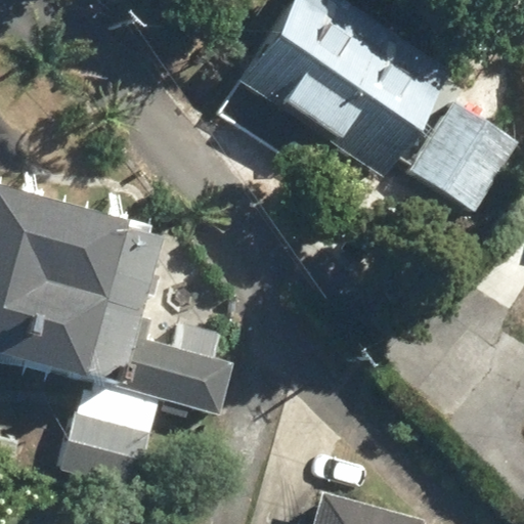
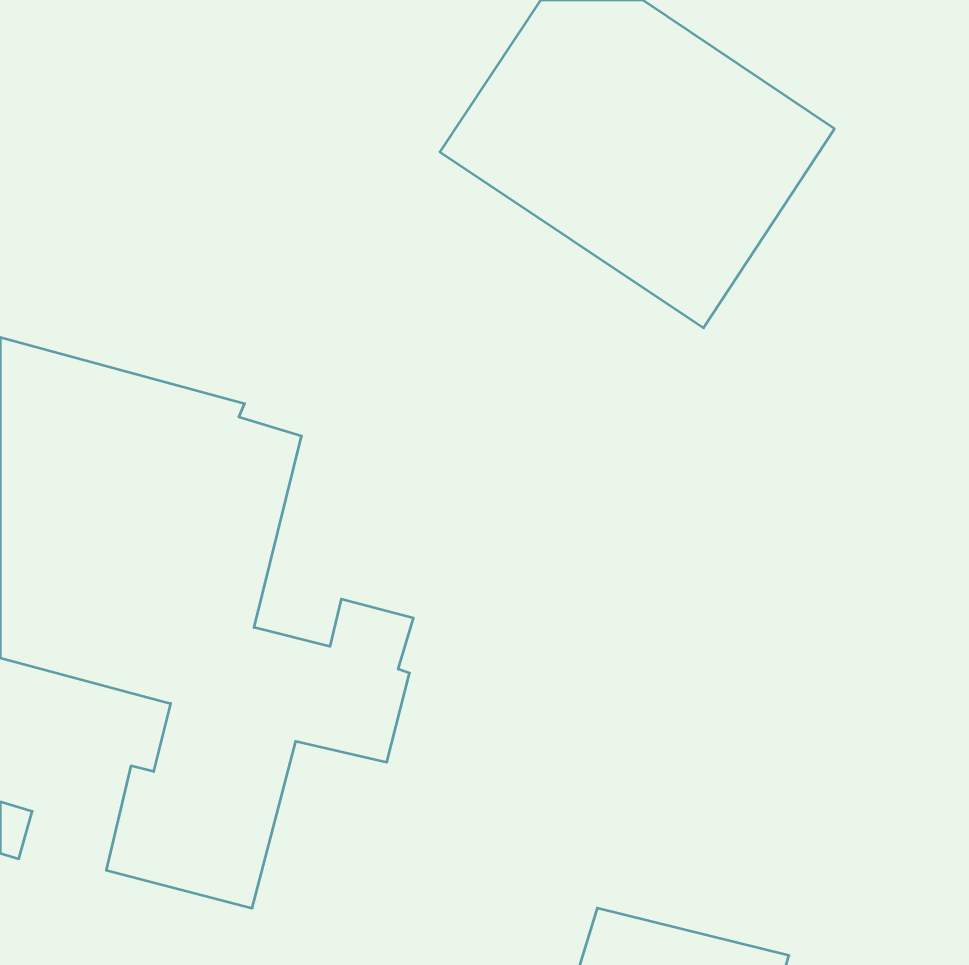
building: [399,100,511,221] -> none

